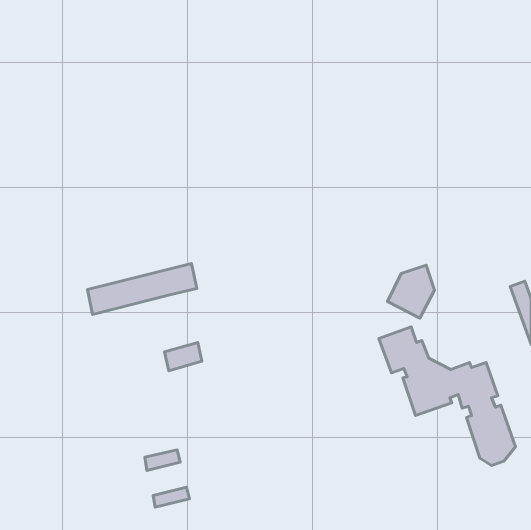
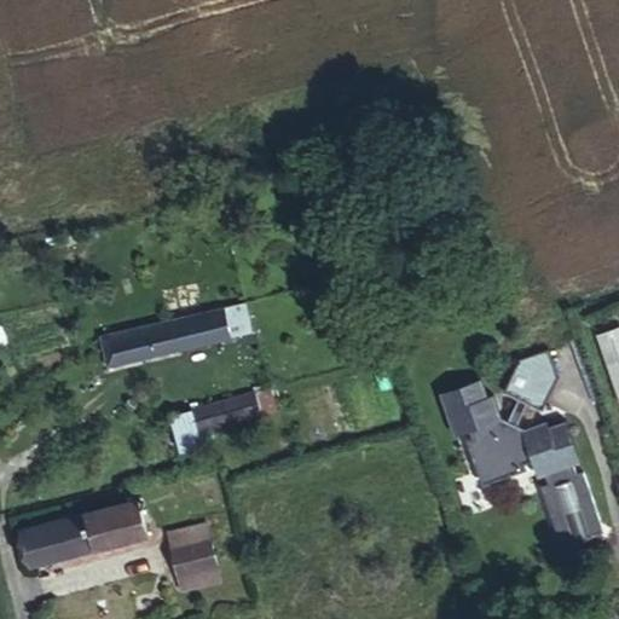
building: [388,265,434,318] -> [503,351,557,412]
building: none -> [22,502,145,565]
building: none -> [170,539,216,578]

